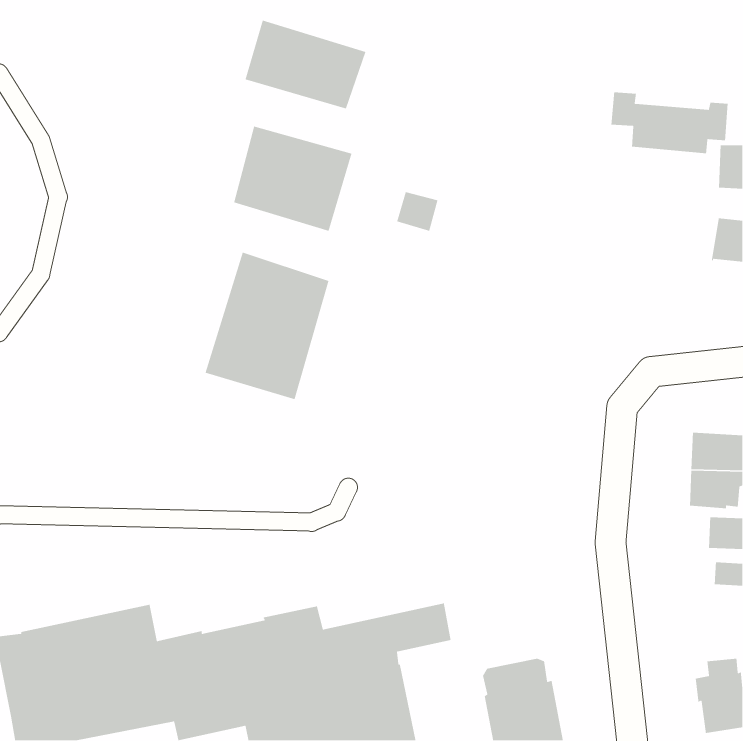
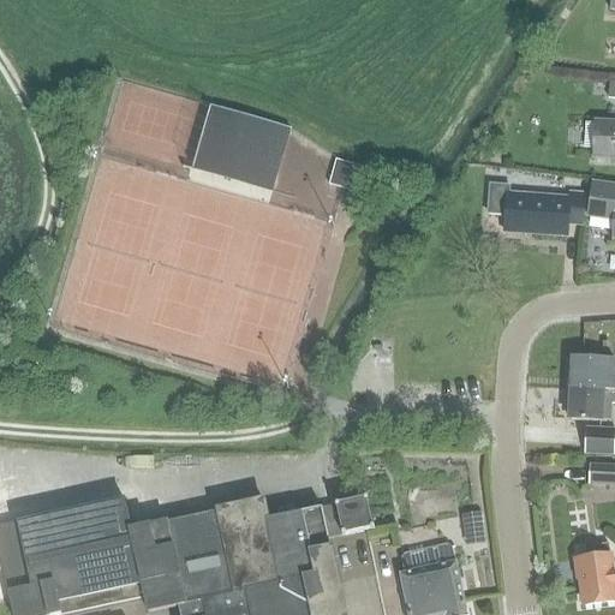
building: [244,19,366,110] -> none
building: [611,92,729,154] -> [486,183,584,234]
building: [204,252,330,400] -> none

